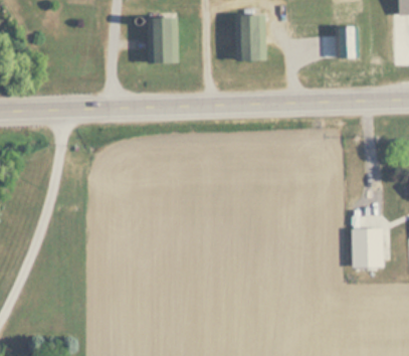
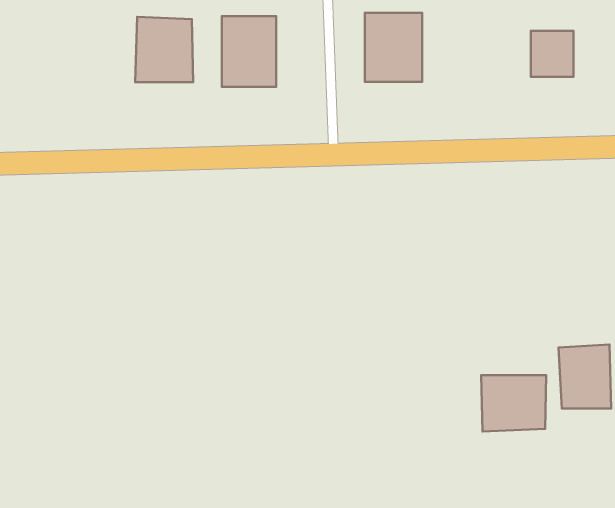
building: none -> [135,17,193,82]
building: none -> [481,375,546,432]

